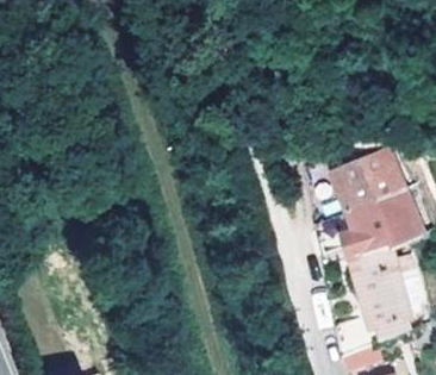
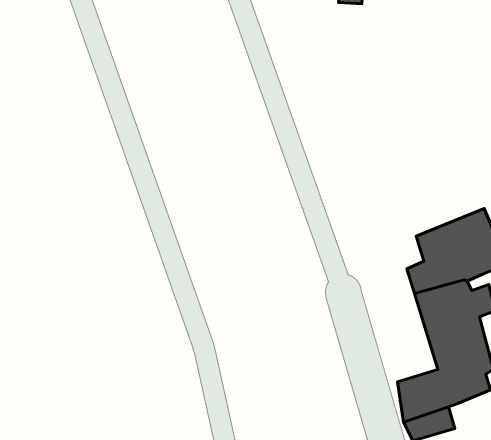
building: [330,149,403,214] -> none

